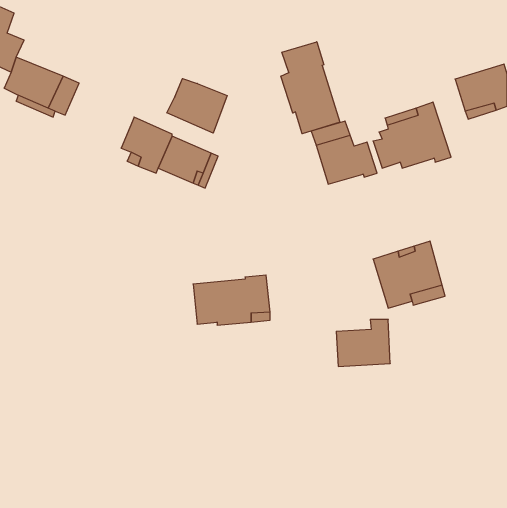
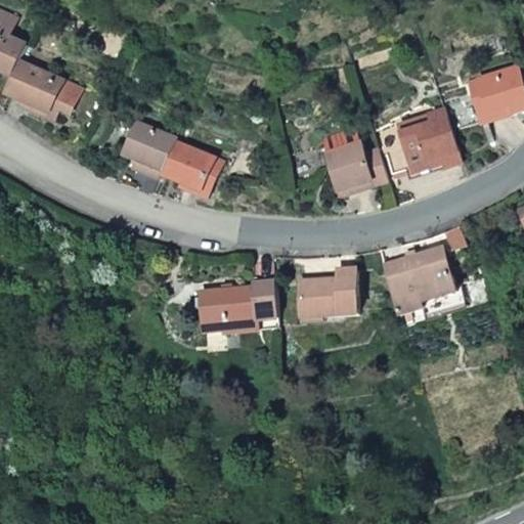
building: [281,42,340,134] -> none
building: [167,79,227,133] -> none
building: [336,319,390,366] -> [300,269,355,317]

